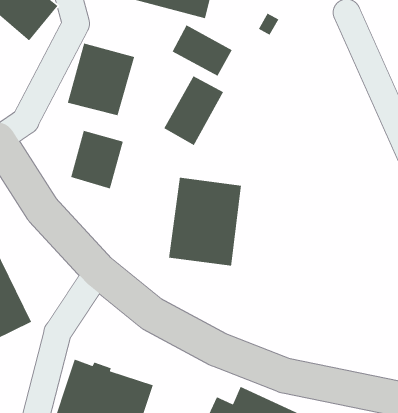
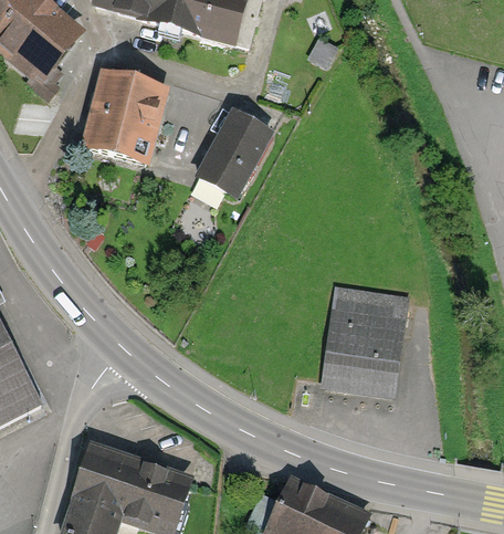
building: [171,24,233,77] -> none
building: [70,130,124,190] -> none
building: [168,177,242,267] -> [319,284,407,390]

